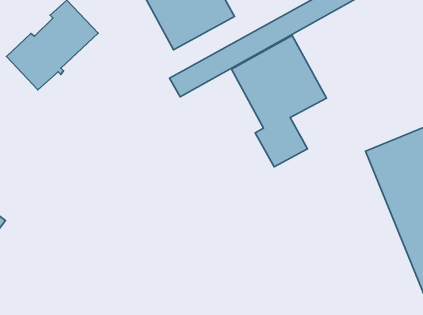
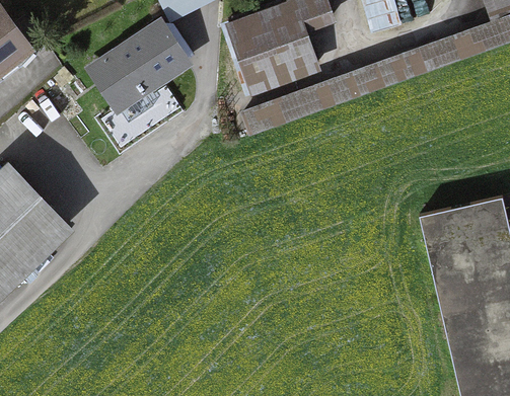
building: [232,36,326,167] -> none

